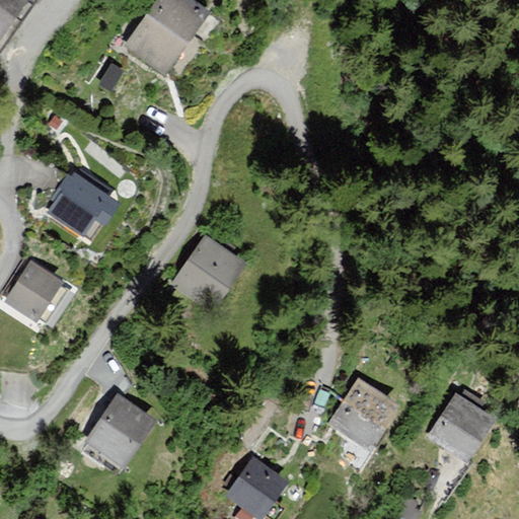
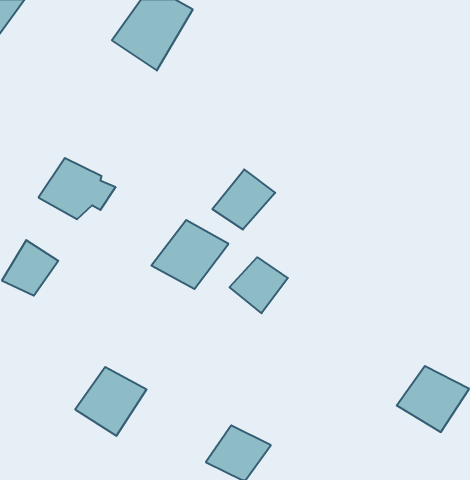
building: none -> [212,169,275,230]
building: none -> [230,257,288,313]
building: [327,378,410,455] -> none

